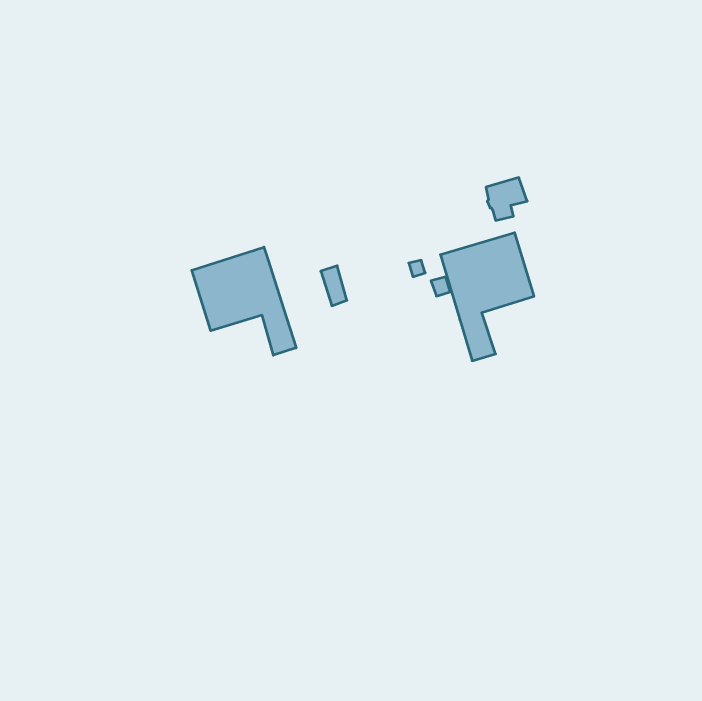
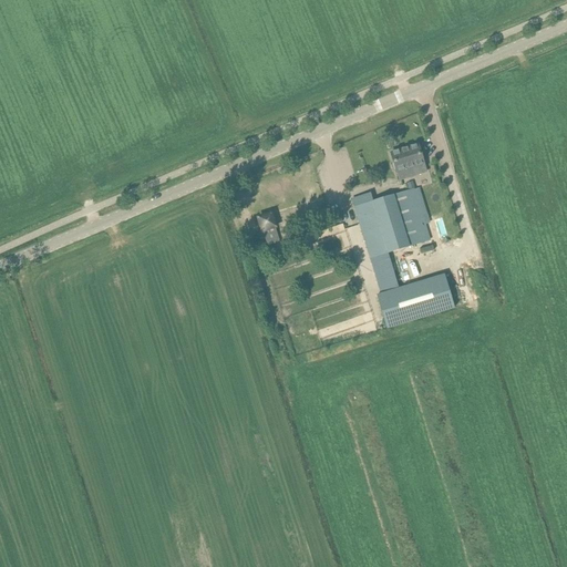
building: [192,247,296,355] -> none
building: none -> [378,272,455,327]

